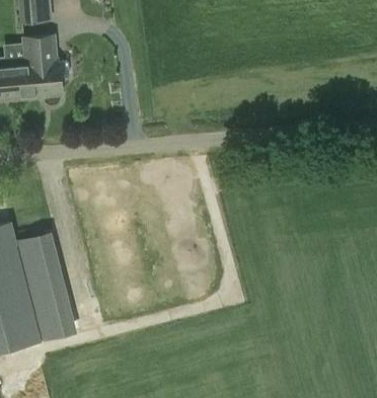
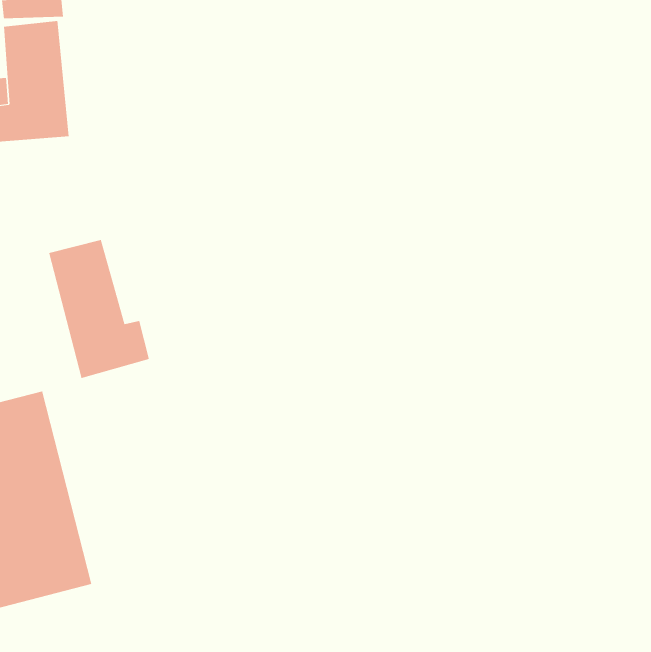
building: none -> [48,239,149,379]

